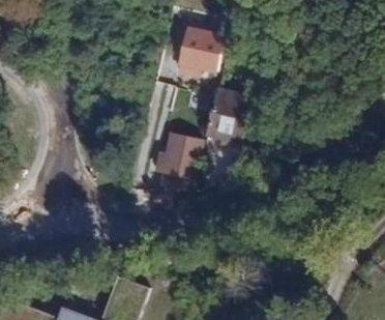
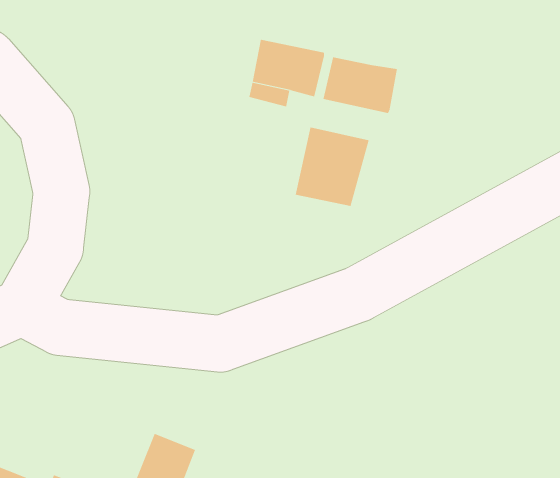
building: none -> [323,56,397,114]
building: [155,129,205,188] -> none

